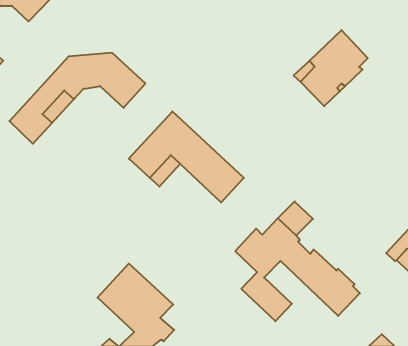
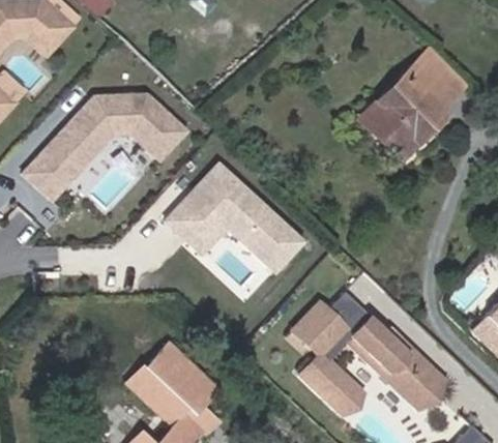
building: none -> [418,52,465,99]

